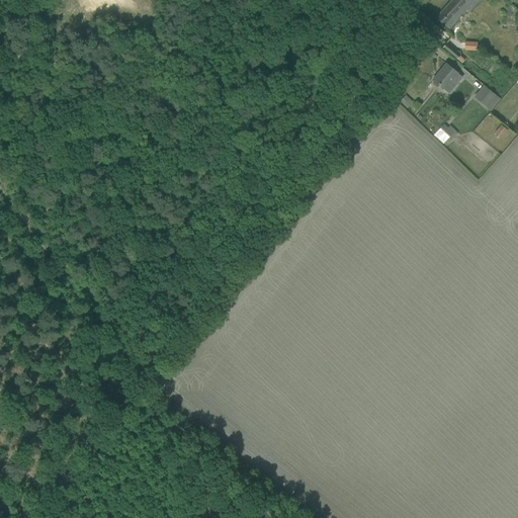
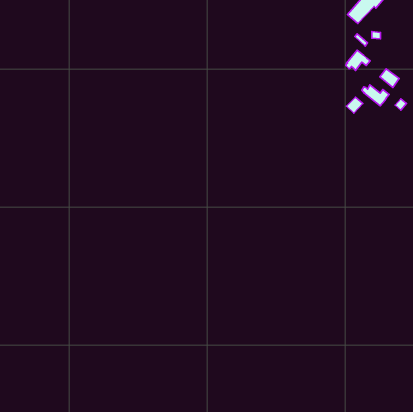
building: none -> [362,85,389,106]

